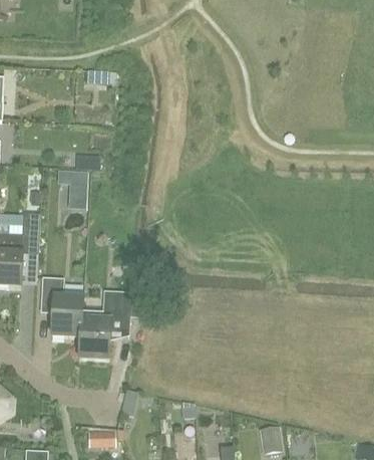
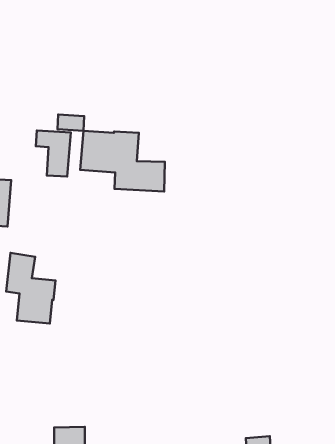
building: none -> [80,131,165,192]
building: [78,290,130,360] -> none

